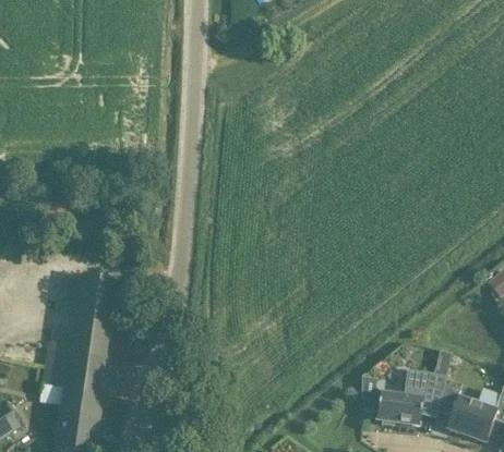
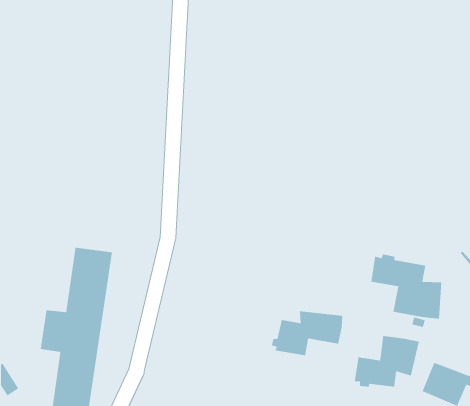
building: none -> [370,253,442,320]
building: none -> [271,311,343,356]

